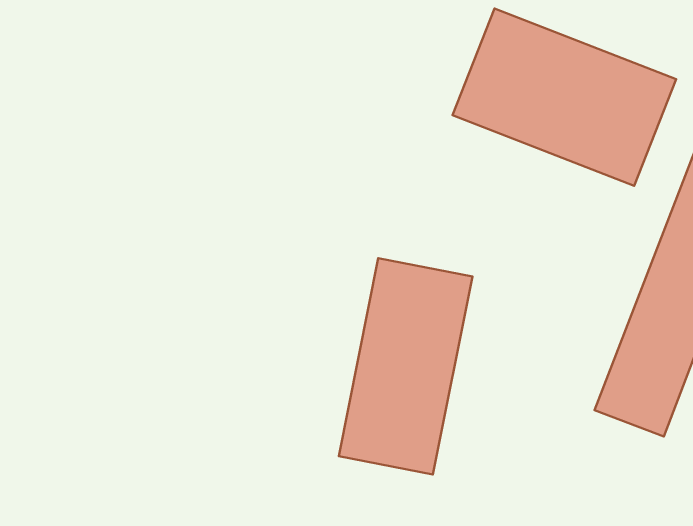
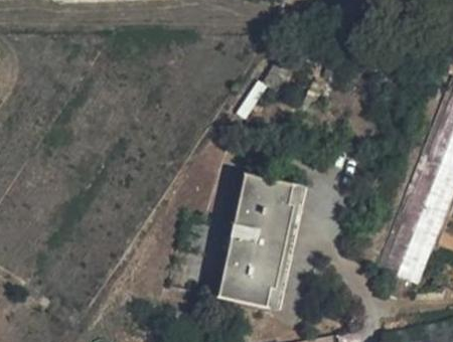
building: [453,9,676,186] -> none

